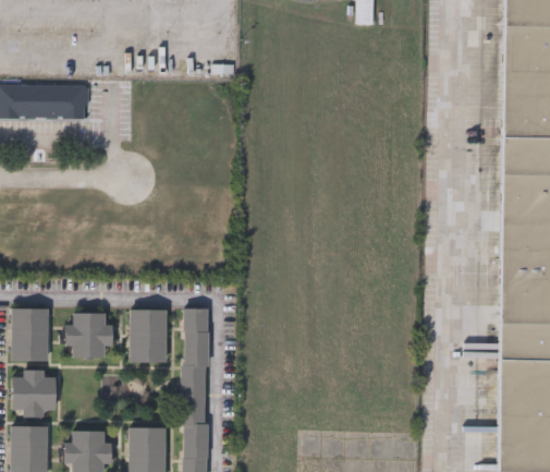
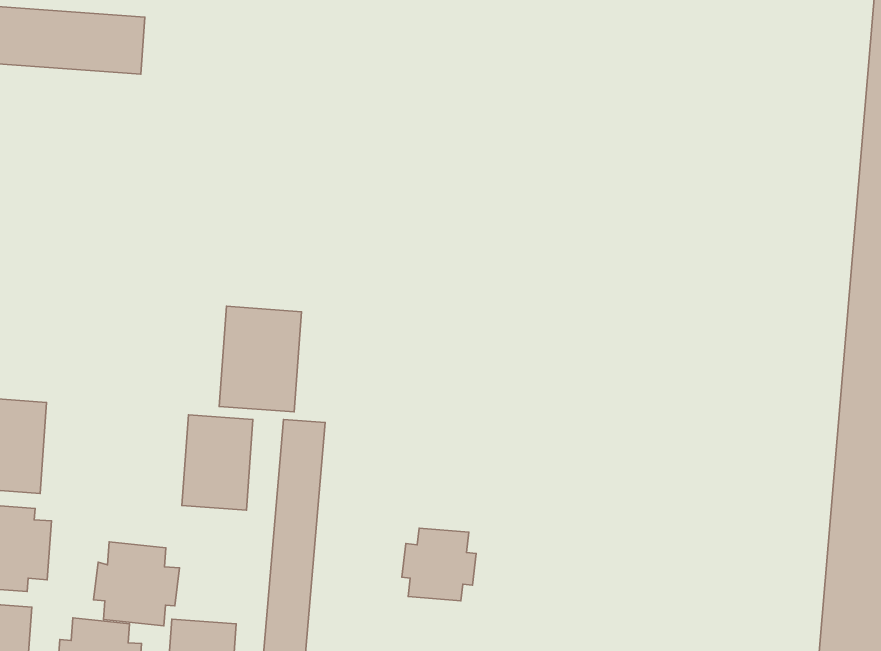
building: none -> [219,306,301,412]
building: [65,313,113,359] -> [93,542,180,626]
building: none -> [402,528,476,601]

